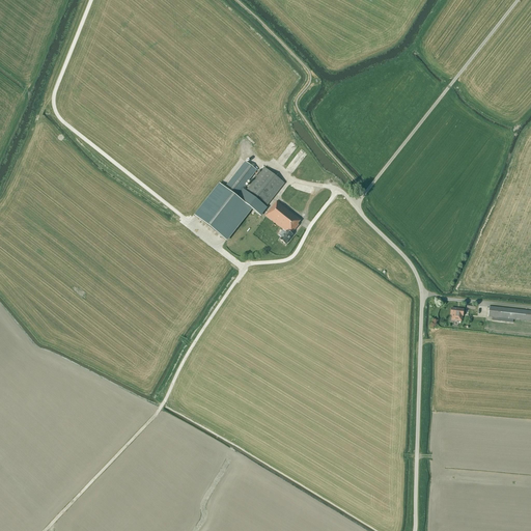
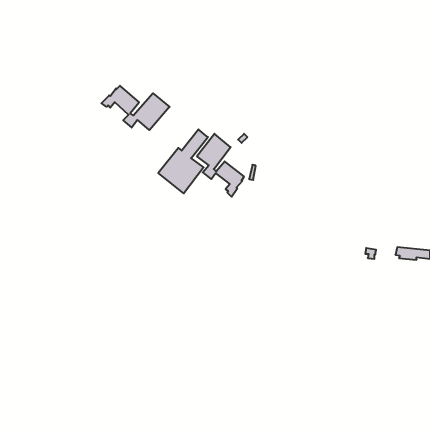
building: none -> [101,86,170,130]

